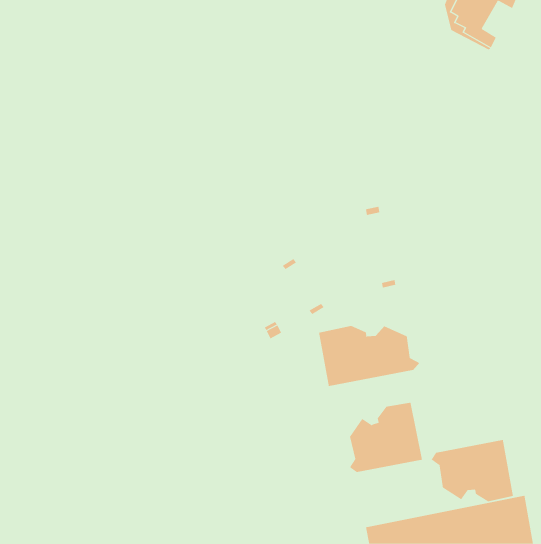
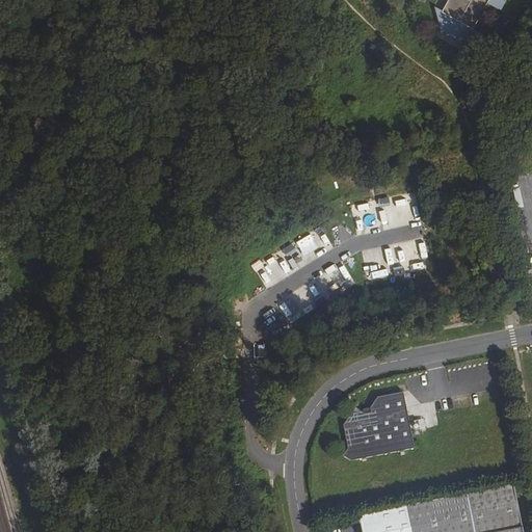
building: [319,325,420,387] -> none
building: [431,439,514,502] -> none

